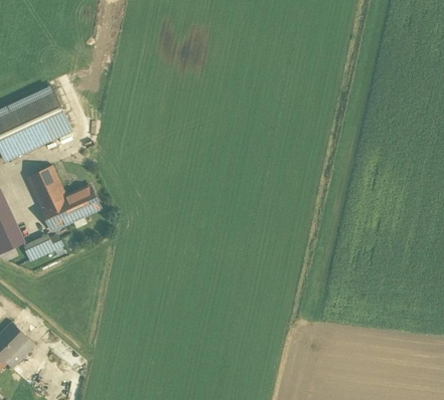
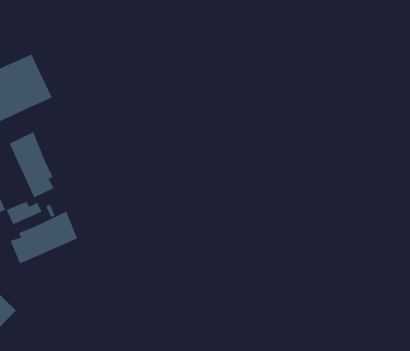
building: [65,186,101,222] -> none
building: none -> [10,211,78,264]

